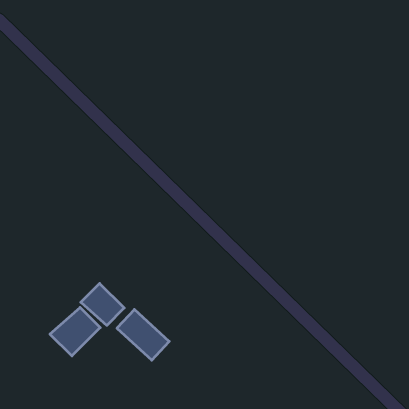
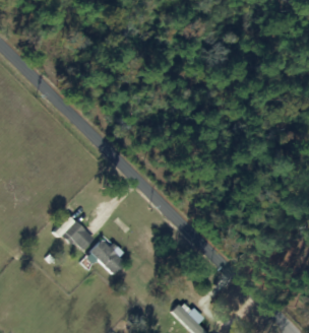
building: [50,307,100,356] -> none

